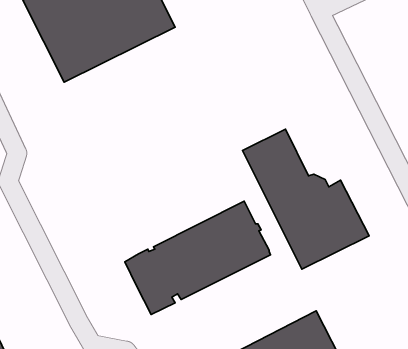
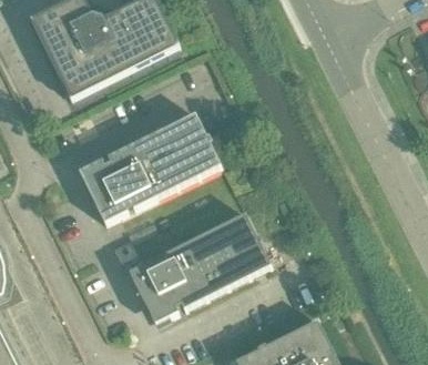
building: none -> [81,113,223,222]
building: [242,129,369,269] -> none

